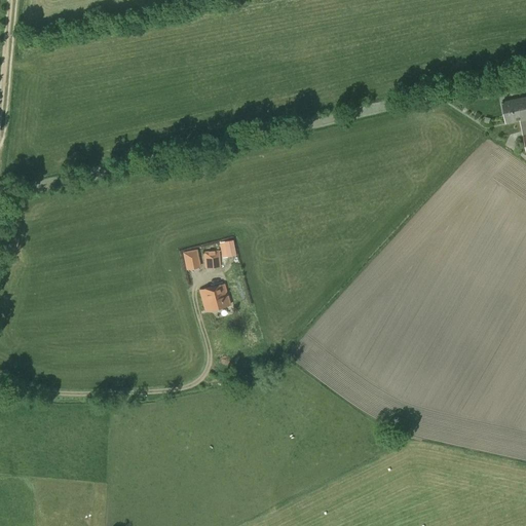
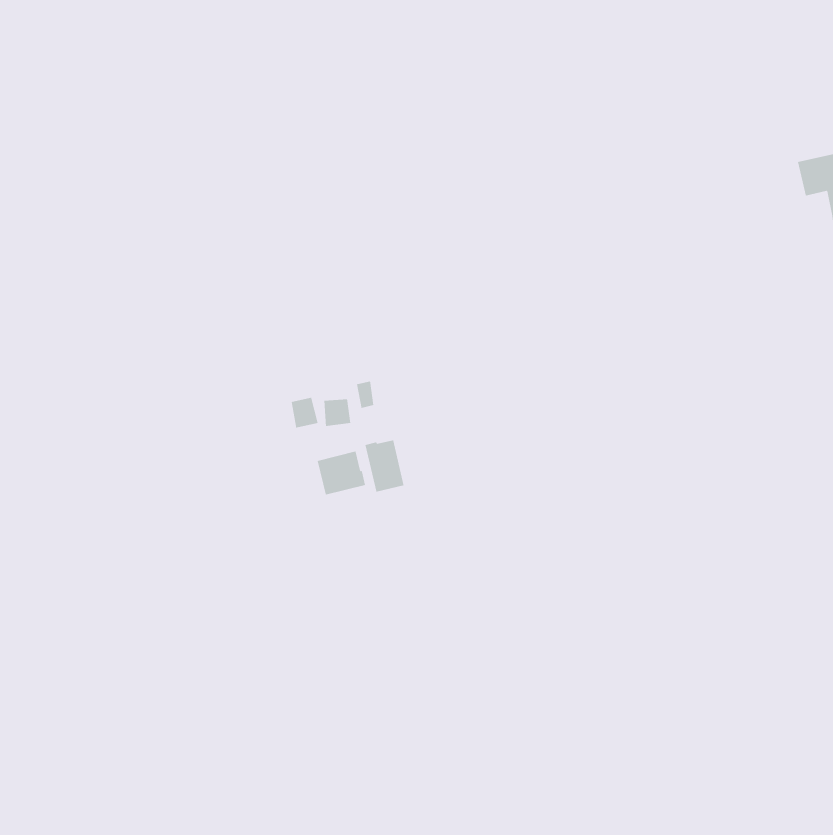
building: none -> [365,439,404,493]

